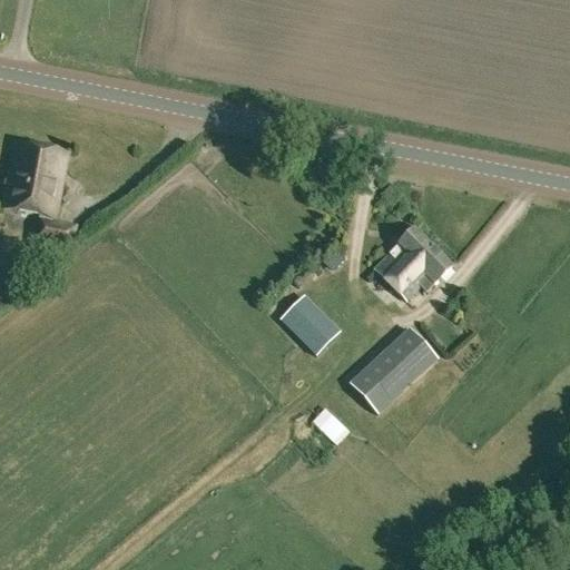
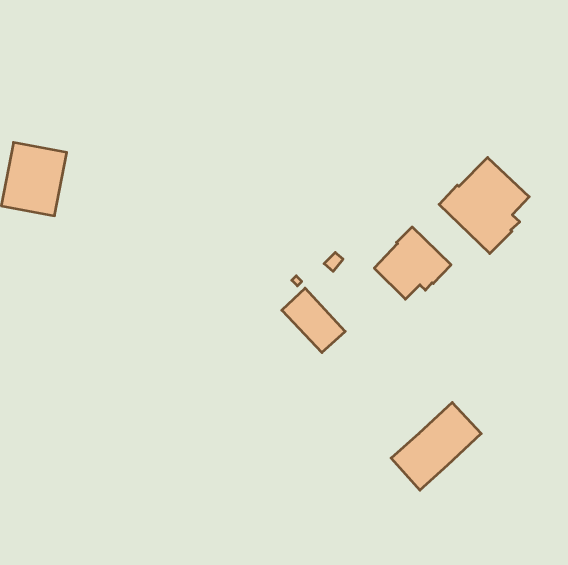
building: none -> [439,157,529,254]
building: [347,327,438,415] -> [391,402,481,490]

